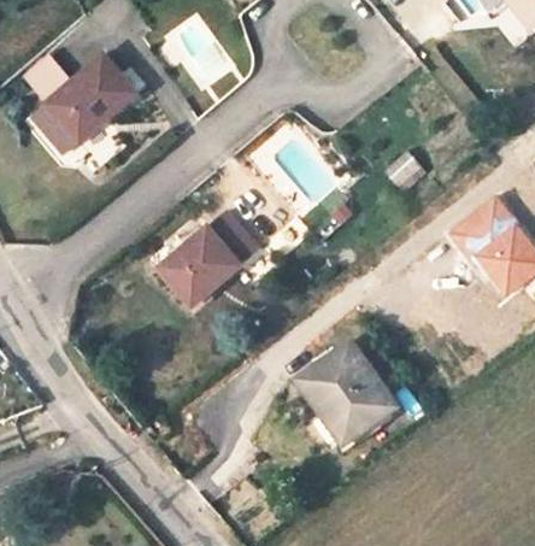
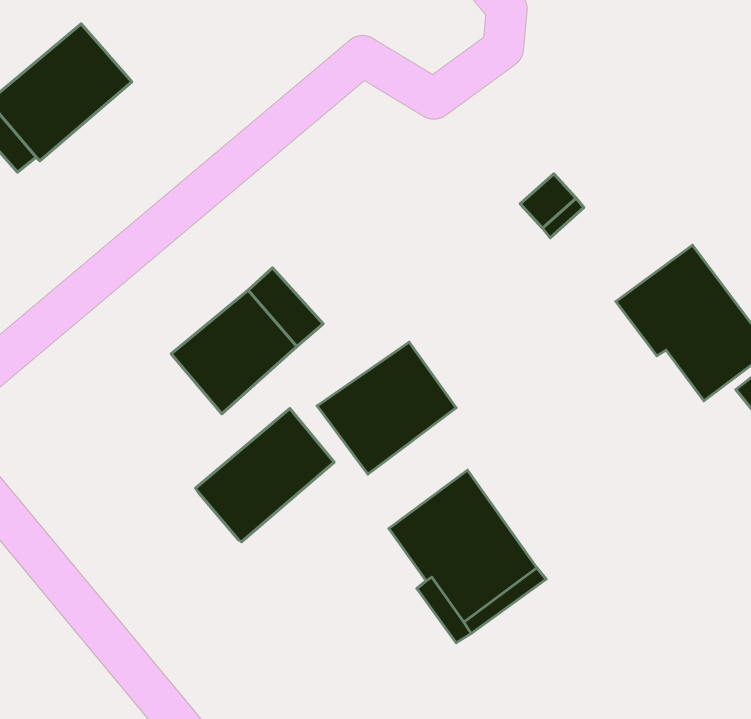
building: none -> [317,342,456,474]
building: none -> [195,408,334,542]

